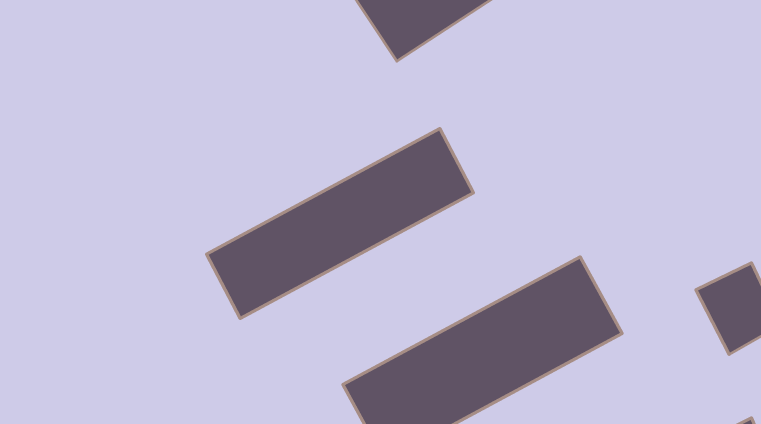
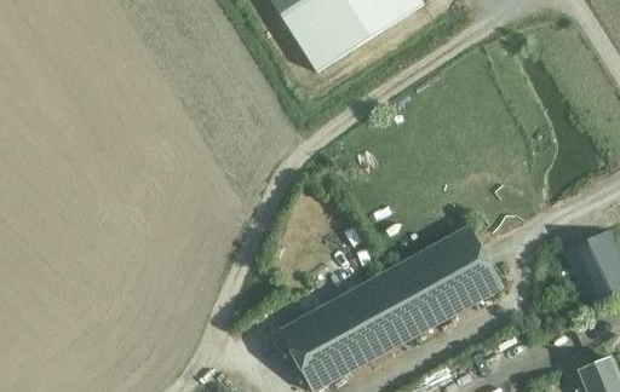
building: [207,129,474,318] -> none

